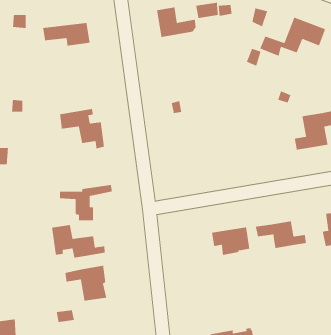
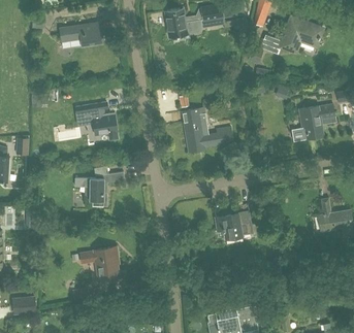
building: none -> [181,107,232,152]
building: [255,221,307,249] -> none
building: [51,224,105,258] -> none

